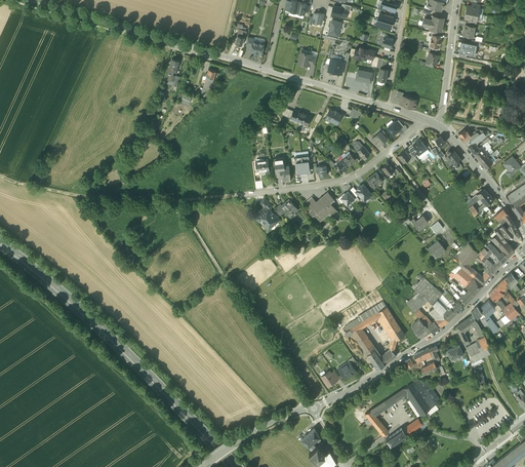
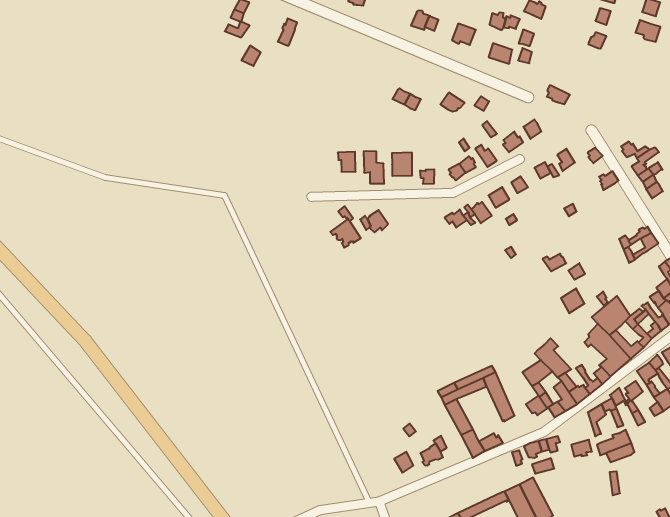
building: [307,193,338,221] -> none

